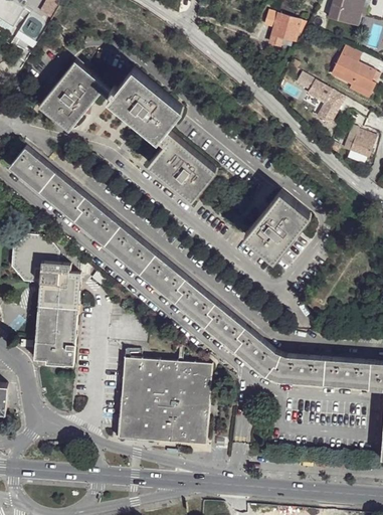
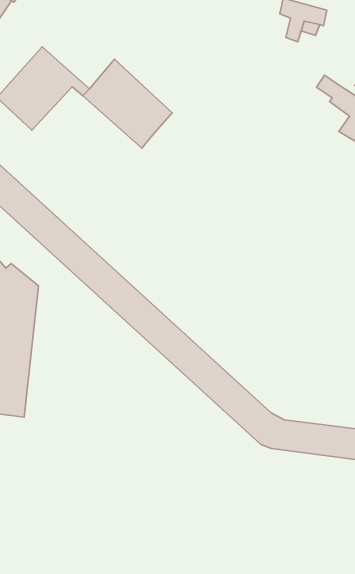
building: [148,131,215,202] -> none
building: [242,192,310,262] -> none
building: [119,359,211,445] -> none

